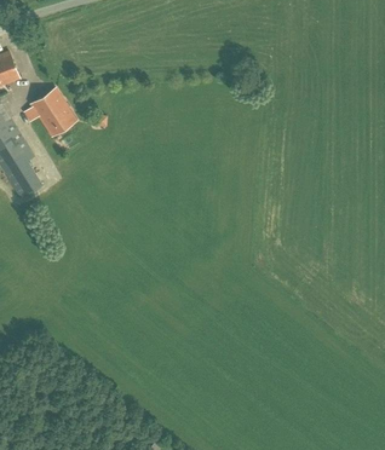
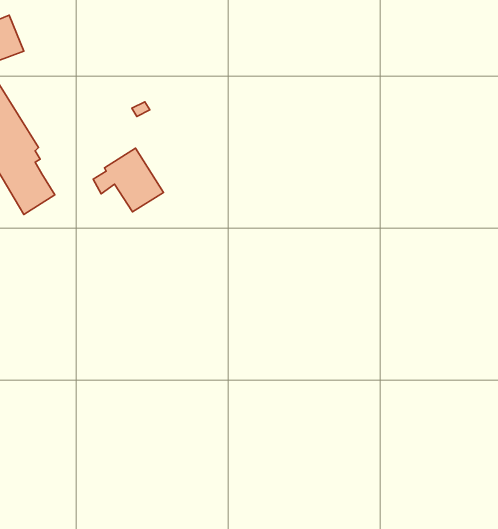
building: [22,90,74,137] -> [93,148,163,212]

